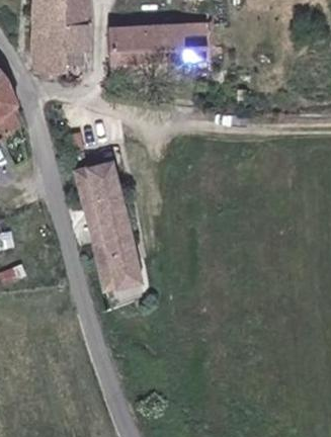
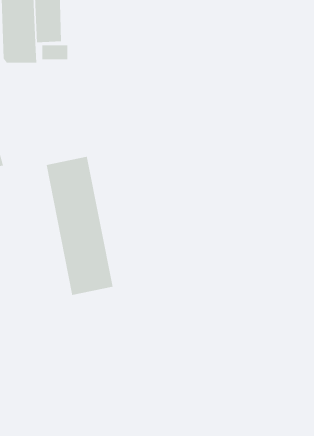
building: [109,21,212,61] -> none

